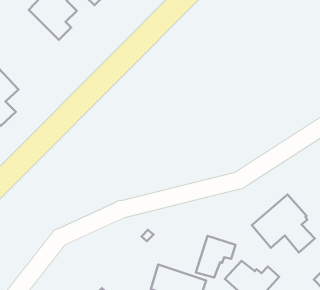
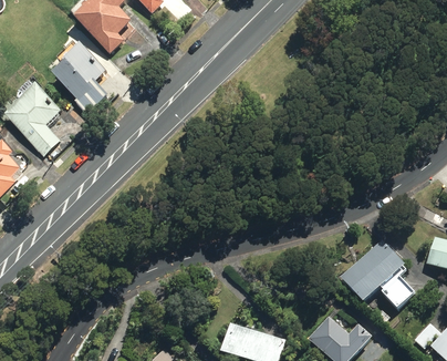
building: none -> [54,47,108,114]
building: [196,236,236,278] -> none

